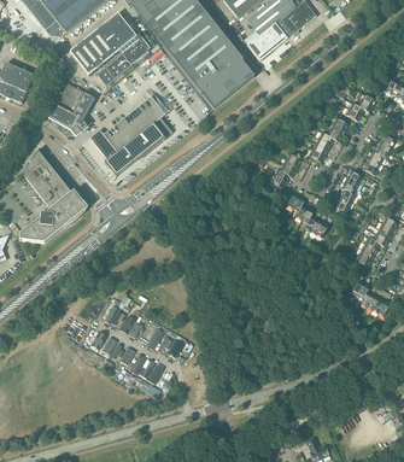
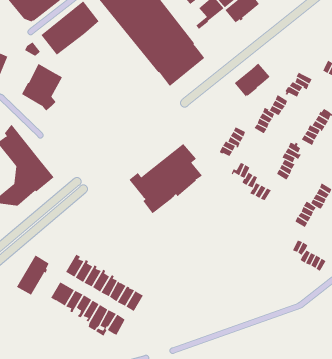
building: [247,22,288,60] -> [234,63,270,97]
building: [96,34,154,86] -> none
building: [89,97,172,176] -> [129,143,203,214]
building: none -> [16,255,50,295]

